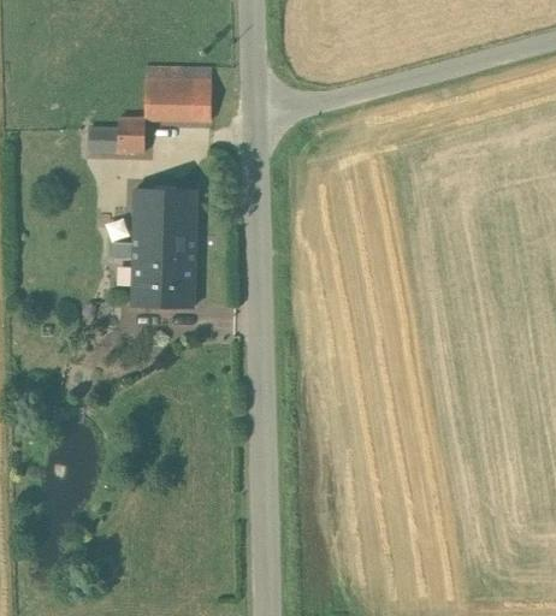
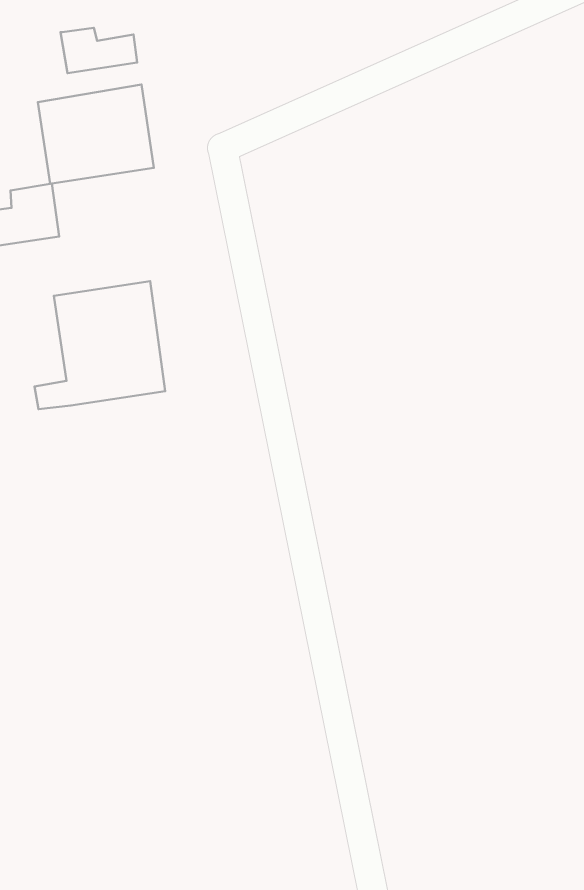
building: none -> [61,28,137,73]
building: [144,260,206,309] -> none

